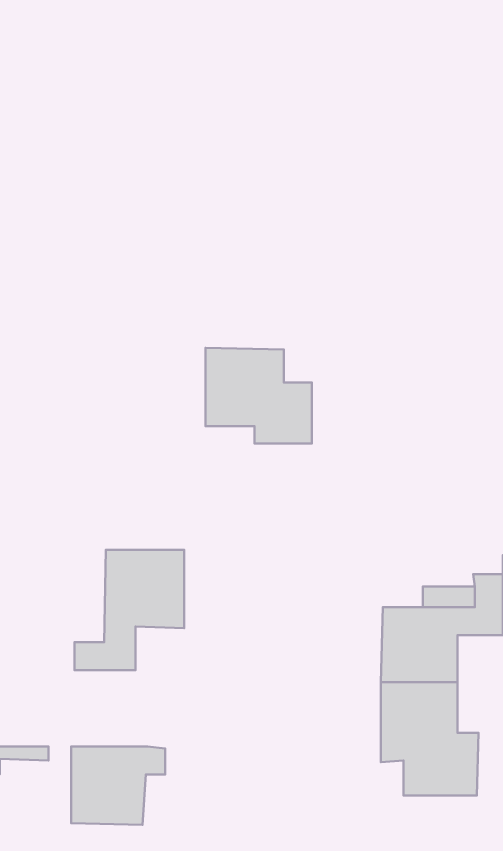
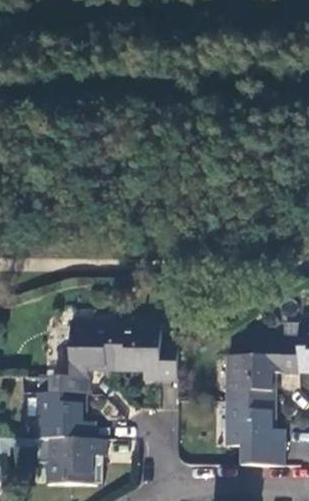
building: [206,348,312,443] -> [115,325,177,381]
building: none -> [39,394,94,439]

